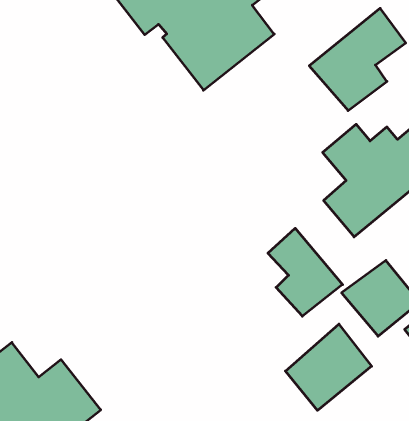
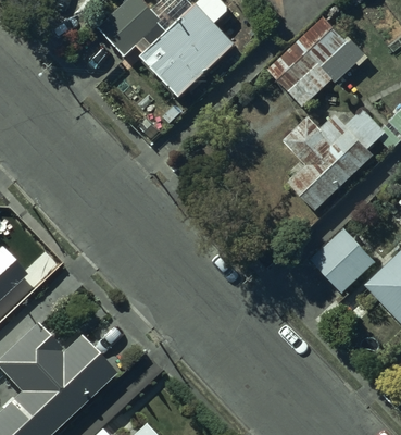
building: [268,228,343,316] -> none
building: [285,324,372,410] -> none

